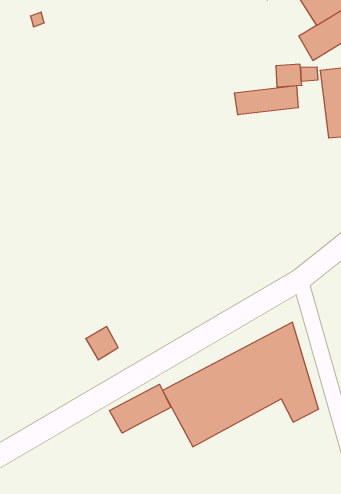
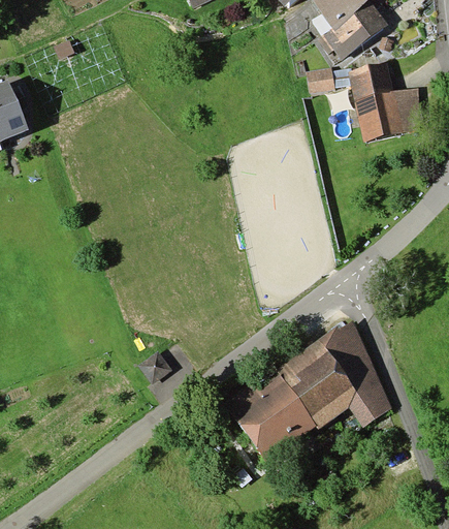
building: [235,86,298,115] -> none
building: [110,384,171,433] -> none

